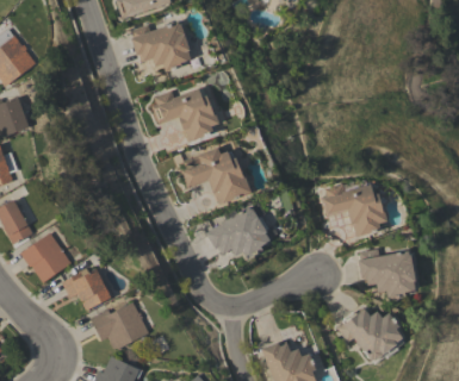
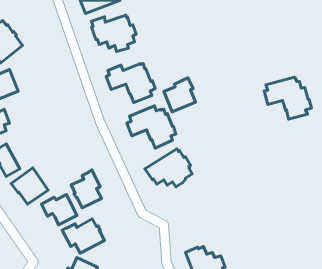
building: none -> [164,78,195,112]
building: [321,179,386,237] -> [264,77,312,119]
building: none -> [71,170,101,208]
building: [356,249,418,299] -> none
building: [335,307,401,361] -> none

